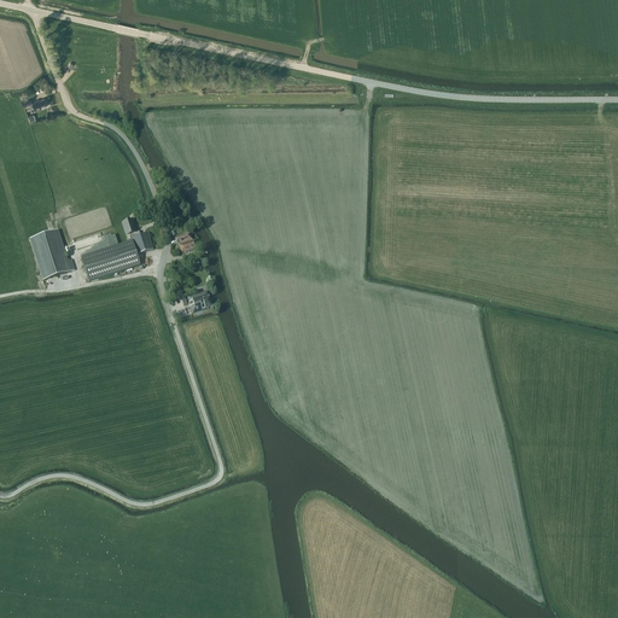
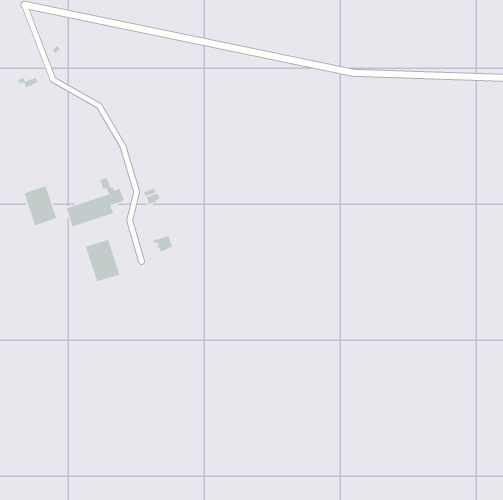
building: none -> [85,239,121,282]

